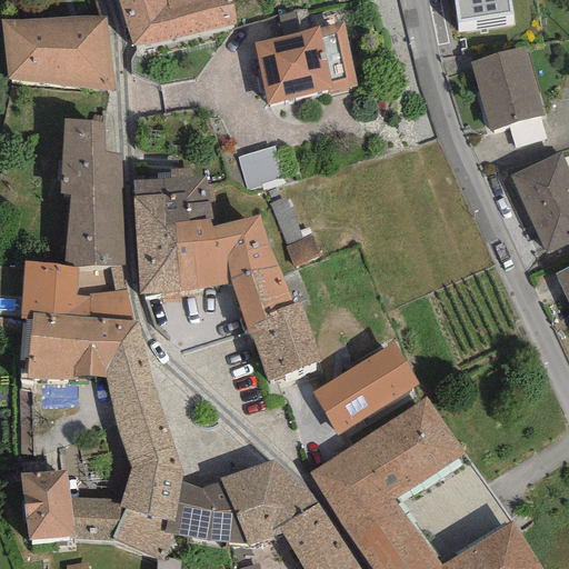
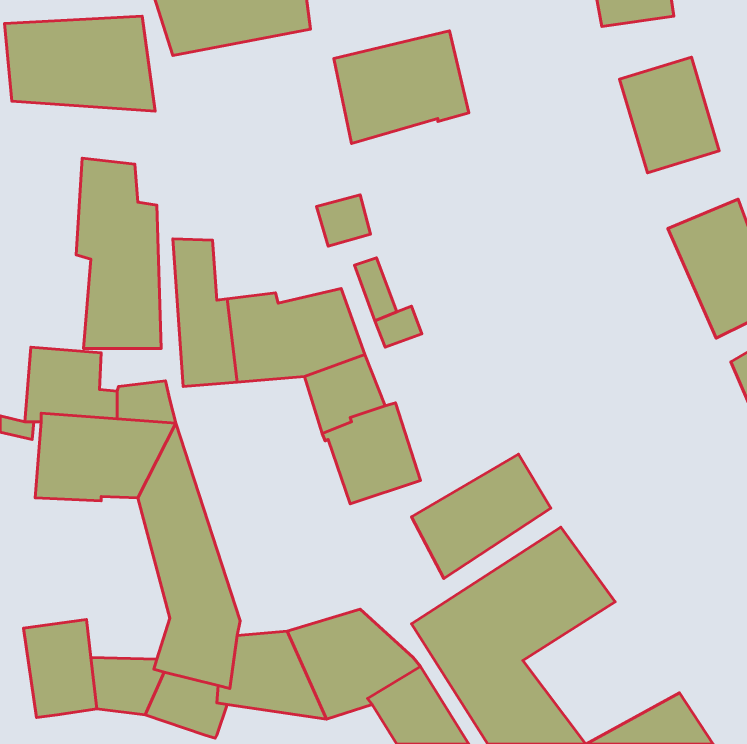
building: [162,169,216,228] -> none

